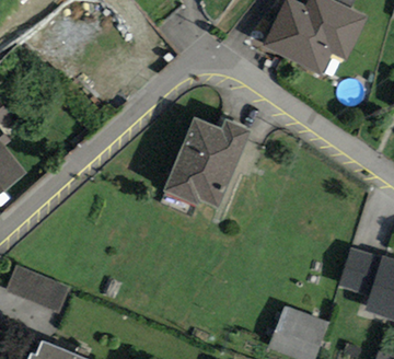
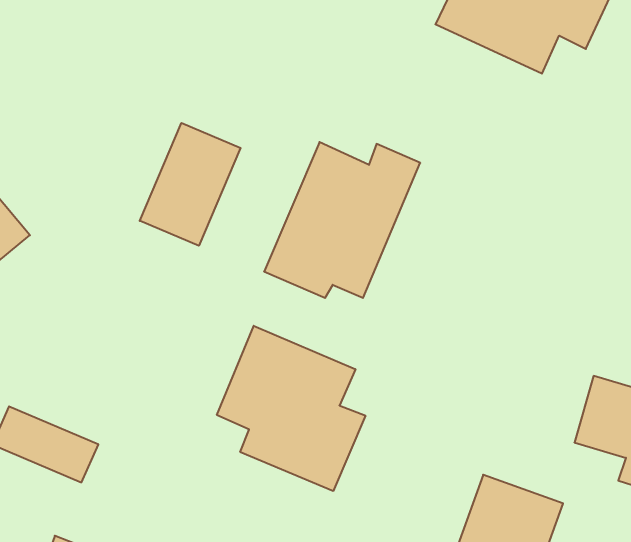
building: none -> [140,123,241,246]
building: none -> [217,326,365,491]

